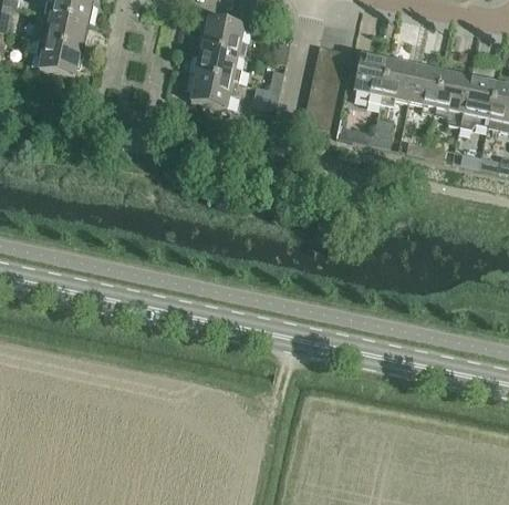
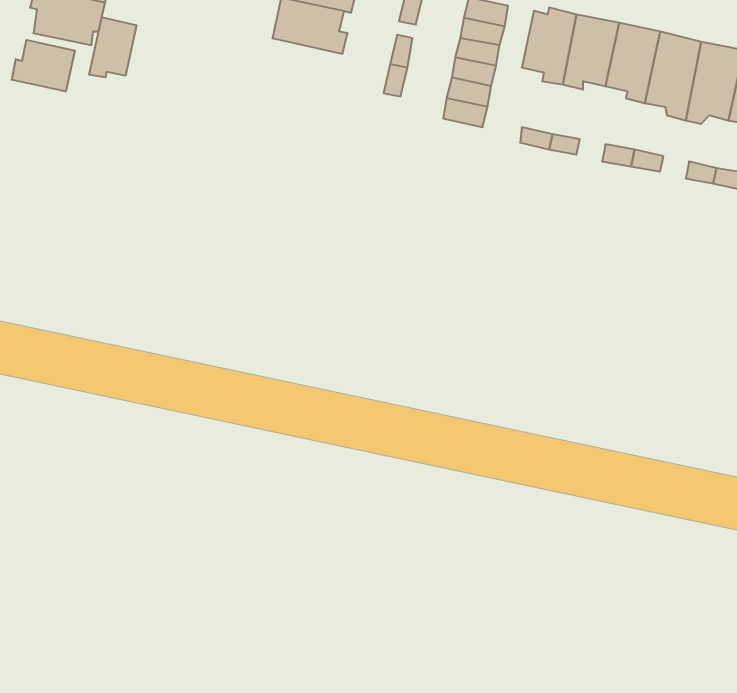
building: none -> [89,17,136,77]
building: [189,72,238,109] -> none
building: none -> [12,40,75,92]

